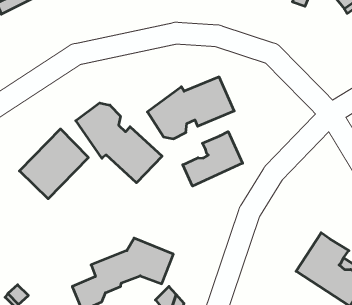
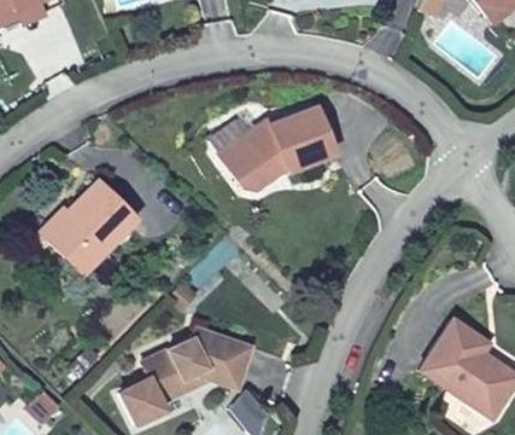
building: [76,103,162,183] -> none
building: [183,132,243,186] -> none

